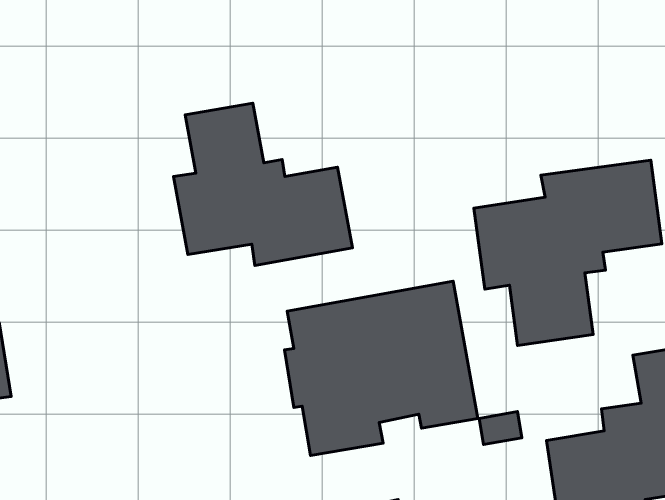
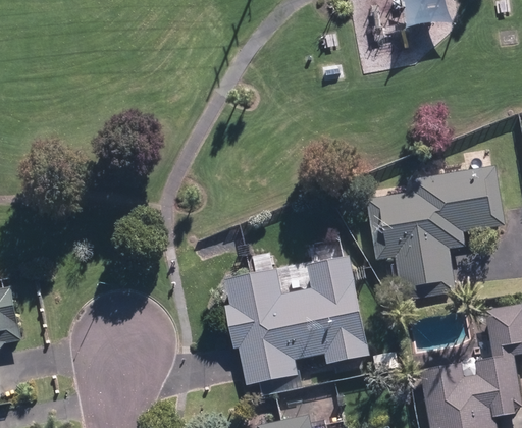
building: [174,103,353,266] -> none

